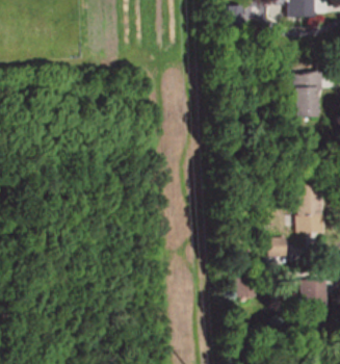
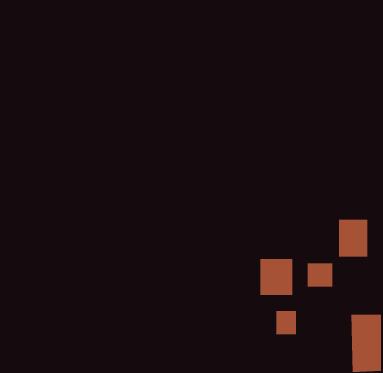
building: [292,72,323,119] -> none
building: none -> [260,258,293,296]

